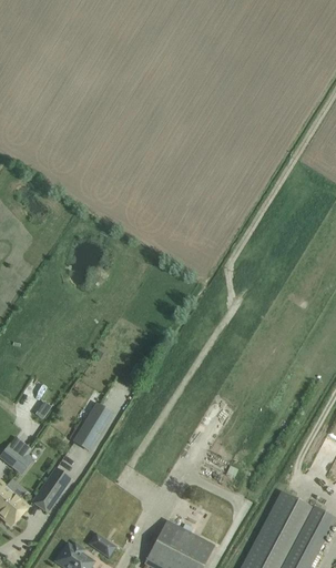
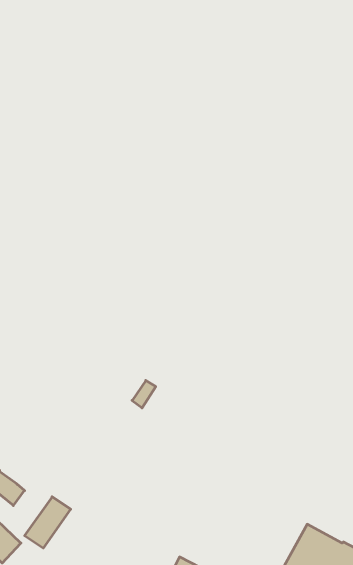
building: [73,405,111,452] -> none

